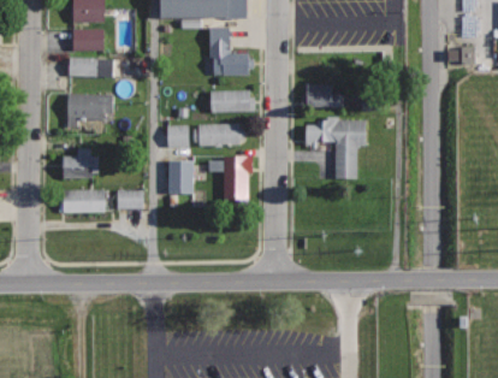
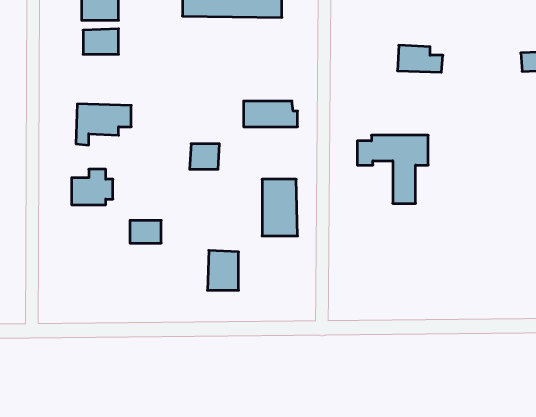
building: [211,29,250,76] -> none
building: [70,57,117,79] -> none
building: [307,84,345,107] -> [397,45,443,72]
building: [196,124,242,147] -> none
building: [165,161,191,195] -> [207,250,239,290]
building: [60,190,108,212] -> none

